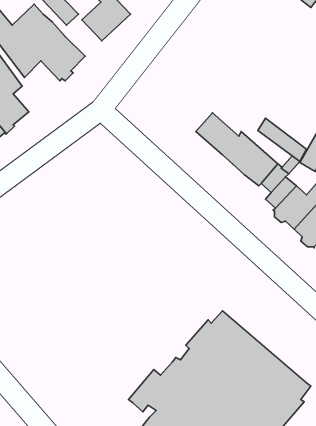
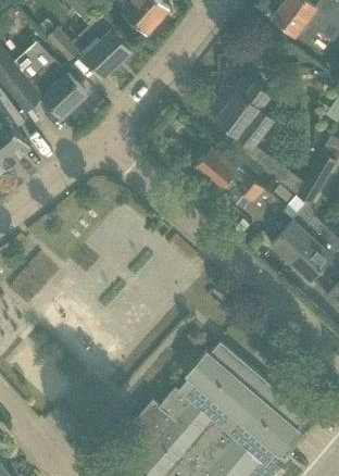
building: none -> [216,78,272,146]

